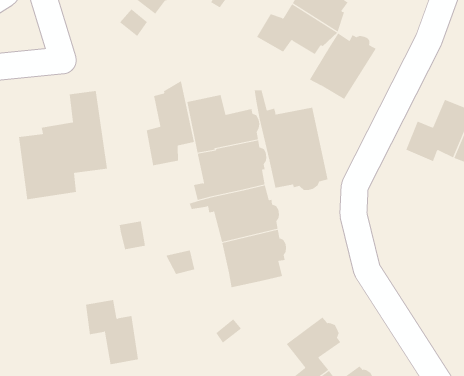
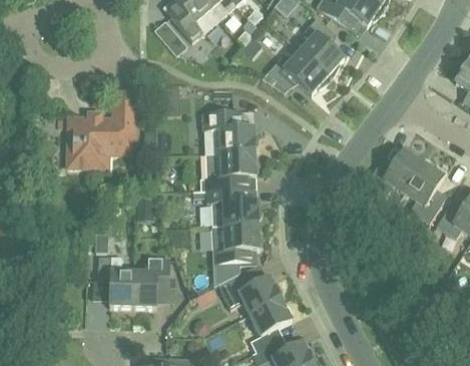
building: [309,33,377,100] -> none
building: [146,80,195,166] -> none
building: [254,89,328,191] -> none
building: none -> [132,258,174,308]
building: none -> [219,275,281,315]

